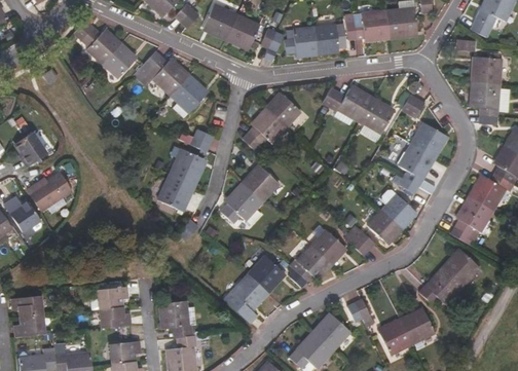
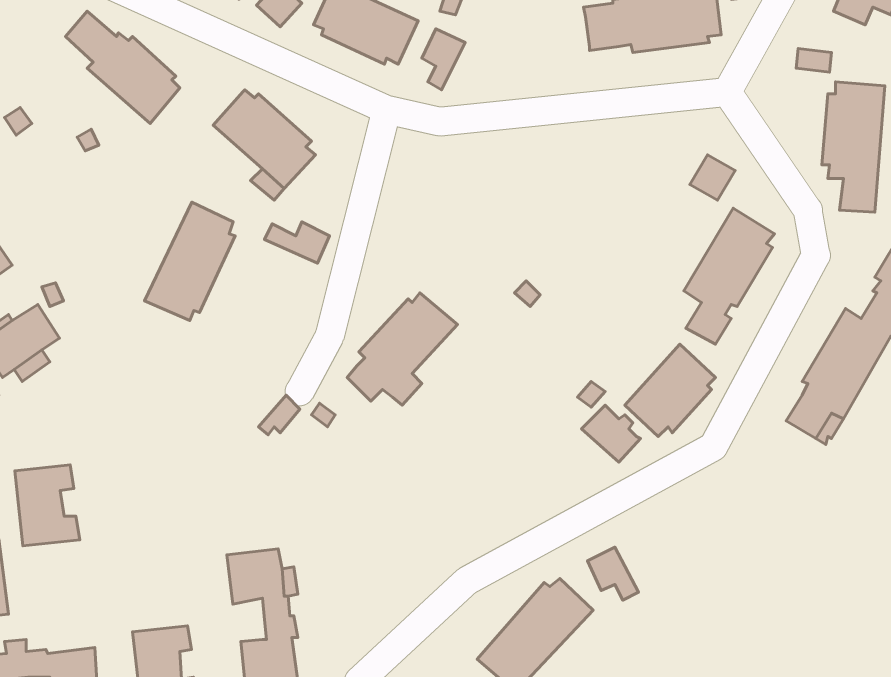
building: [287,24,338,57] -> none
building: [134,50,168,86] -> none
building: [323,88,394,142] -> none
building: [243,96,300,150] -> none
building: [157,148,205,210] -> [144,202,235,320]
building: [289,230,344,288] -> none
building: [419,251,480,304] -> none
building: [224,256,283,324] -> none
building: [98,286,132,328] -> [15,465,80,546]
building: [379,310,436,355] -> none

